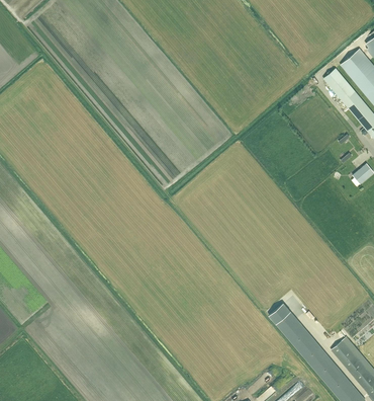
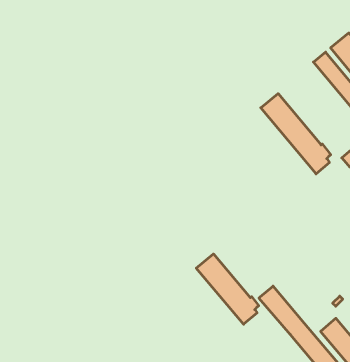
building: none -> [261,94,331,174]
building: none -> [196,254,259,324]

